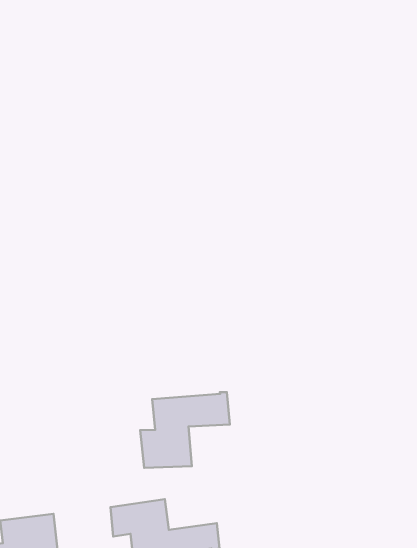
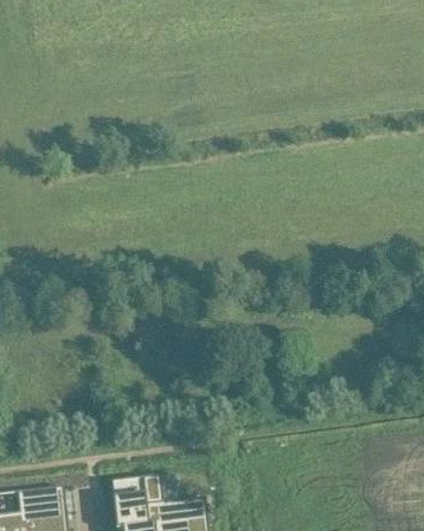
building: [140,392,230,468] -> none

